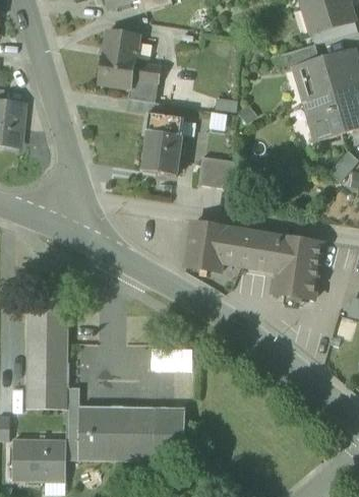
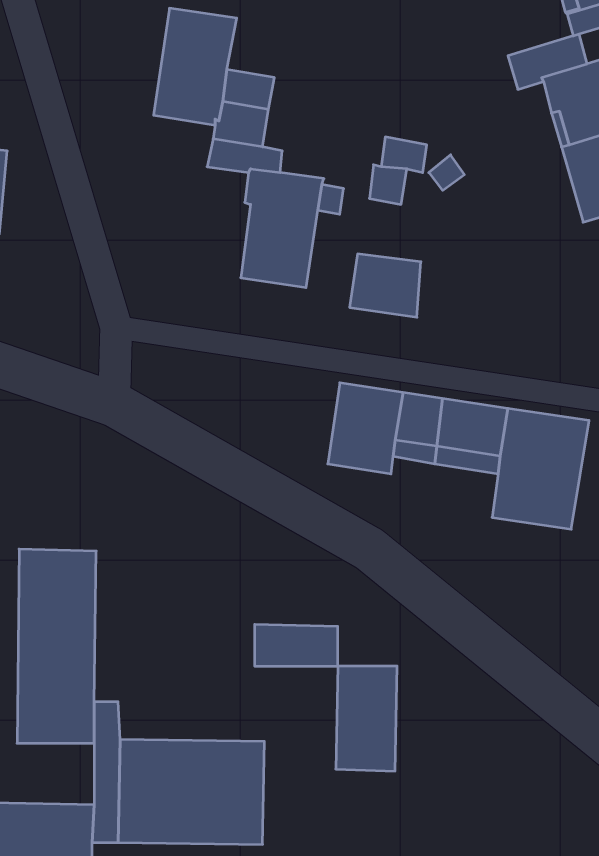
building: [154,407,185,460] -> [336,666,397,771]

